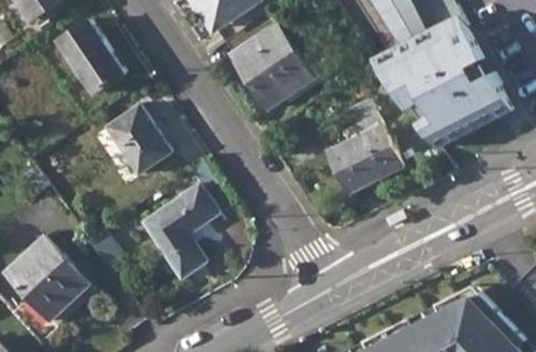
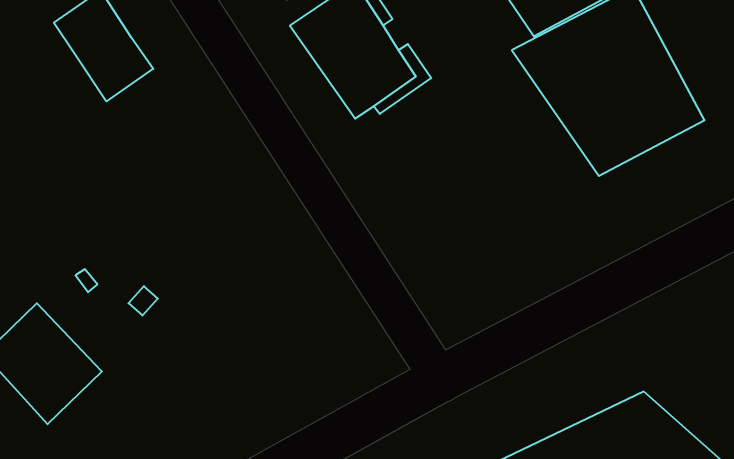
building: [326,100,402,195] -> none
building: [103,101,174,177] -> none
building: [144,185,217,278] -> none

